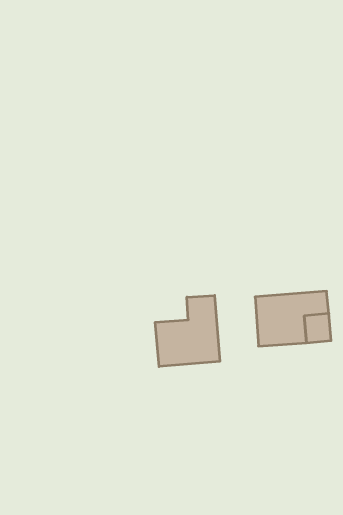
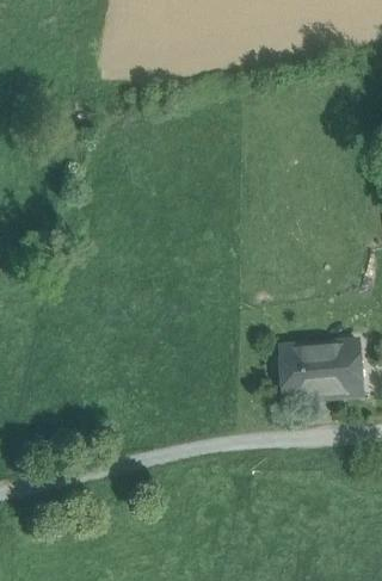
building: [155,295,220,367] -> none

